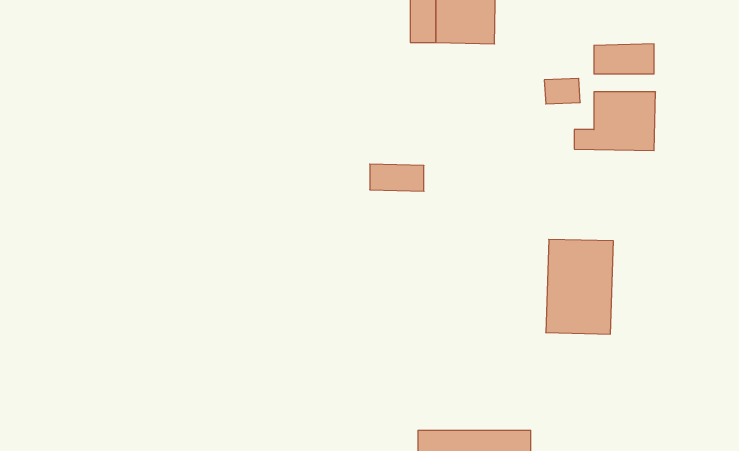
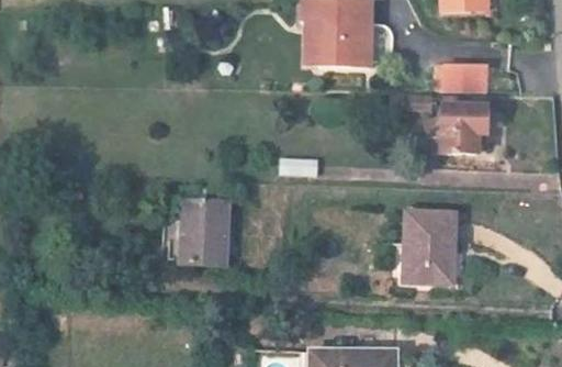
building: none -> [165,199,229,266]

